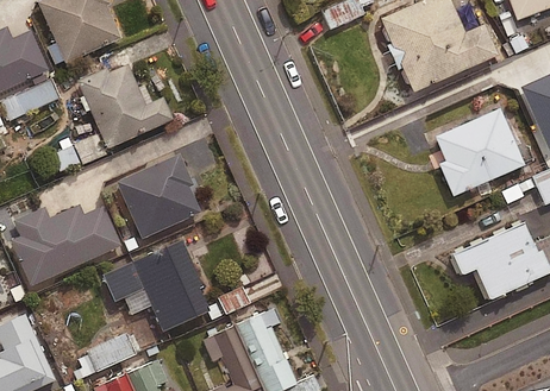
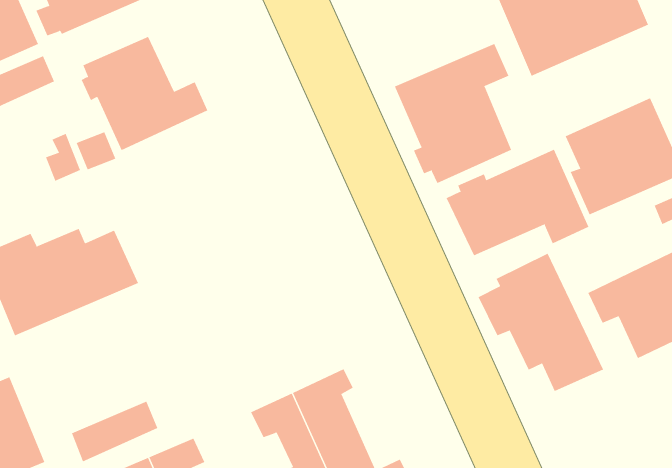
building: none -> [394,43,512,184]
building: none -> [446,149,589,256]
building: [117,153,200,238] -> none
building: none -> [478,253,604,392]
building: [104,241,211,330] -> none

